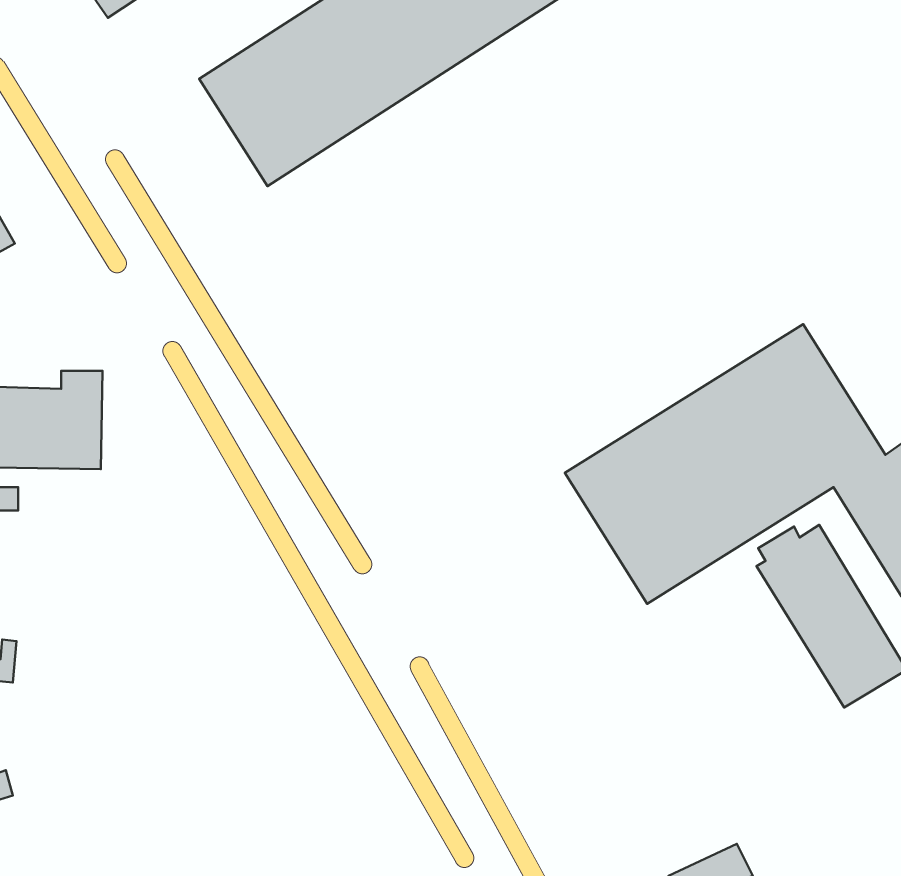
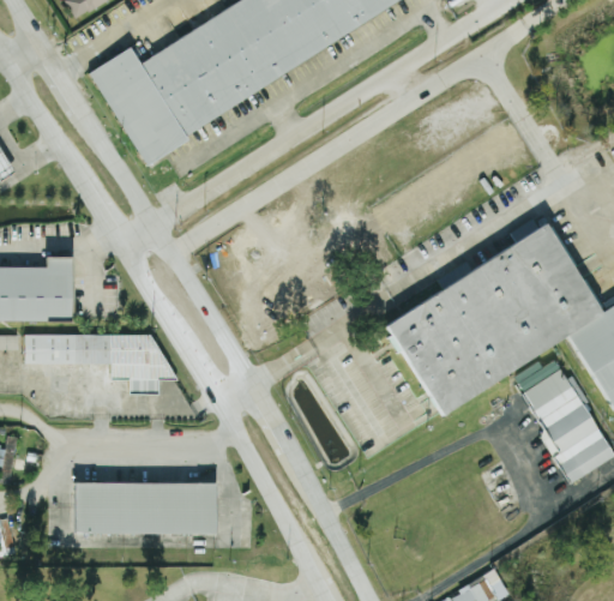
building: none -> [89,44,191,166]
building: none -> [28,335,168,395]
building: none -> [78,483,219,534]

